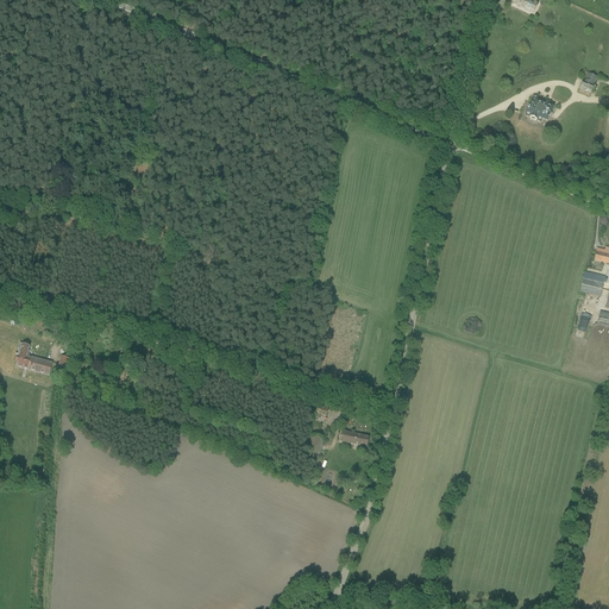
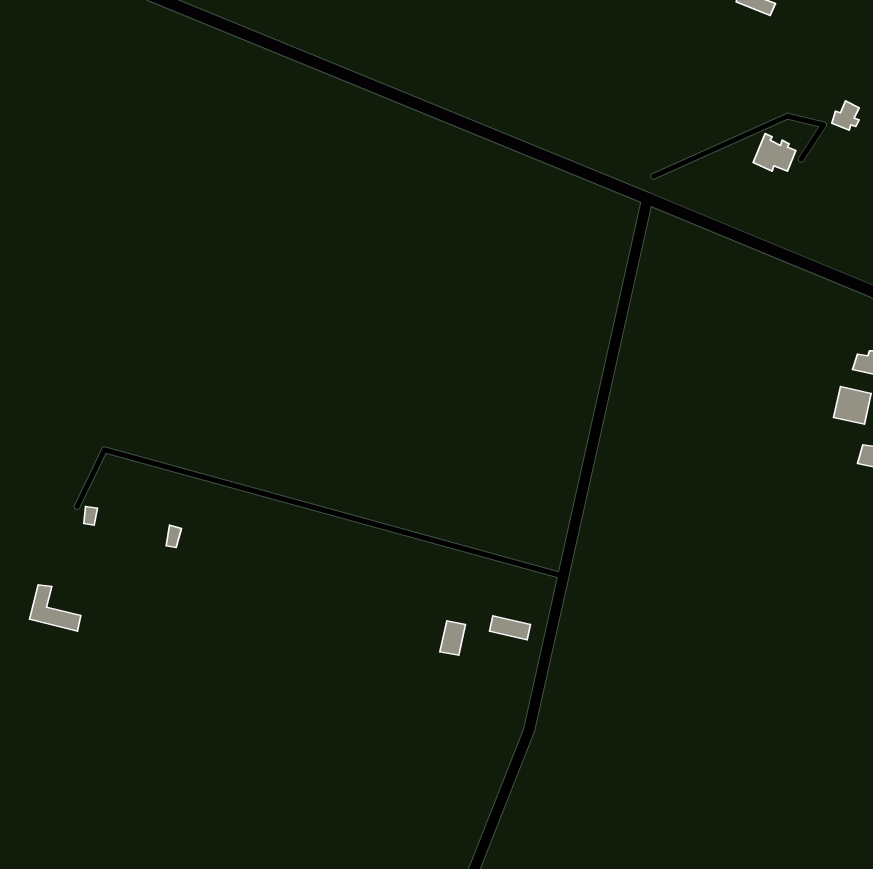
building: [18,339,54,371] -> [29,585,81,631]

